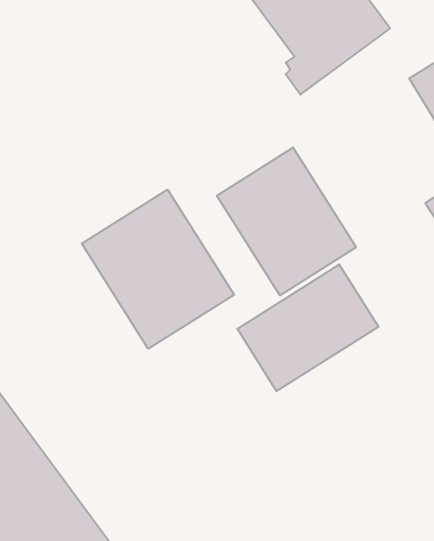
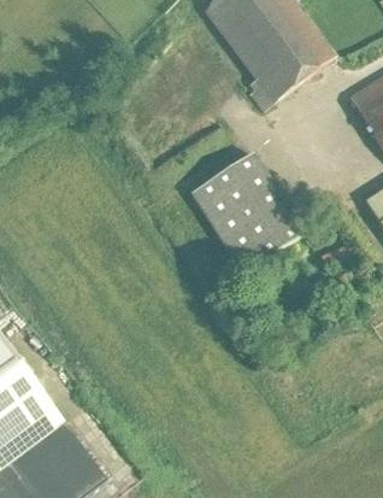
building: [82,190,234,349] -> none
building: [237,264,378,391] -> none

